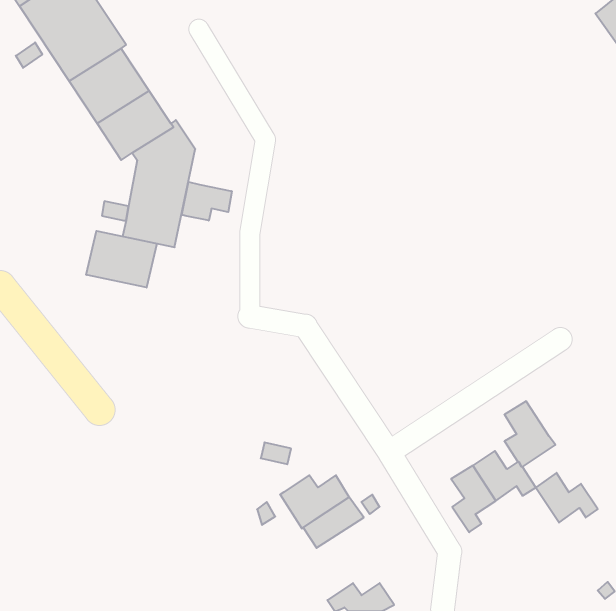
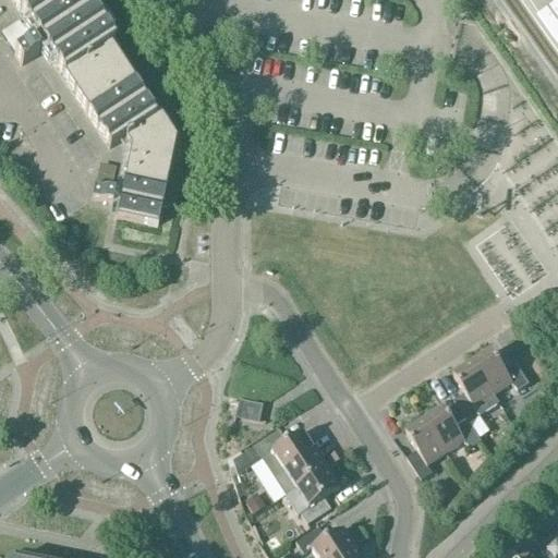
building: [182,182,232,221] -> none
building: [86,231,157,288] -> none
building: [536,473,598,523] -> [476,348,532,392]
building: none -> [298,465,342,522]

